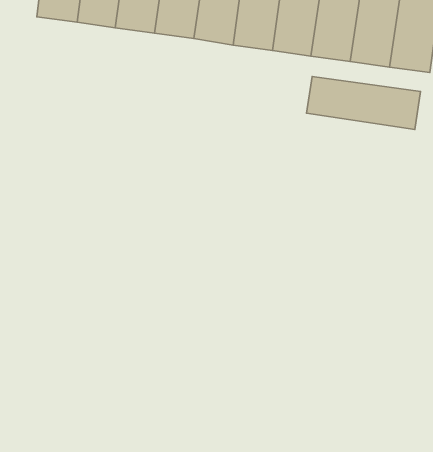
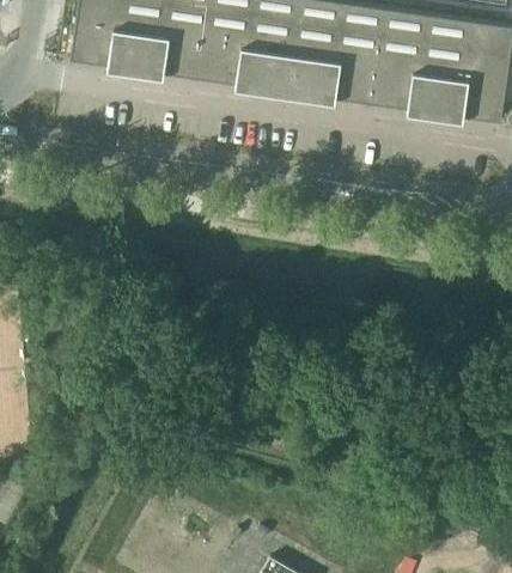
building: [307,76,421,129] -> none

